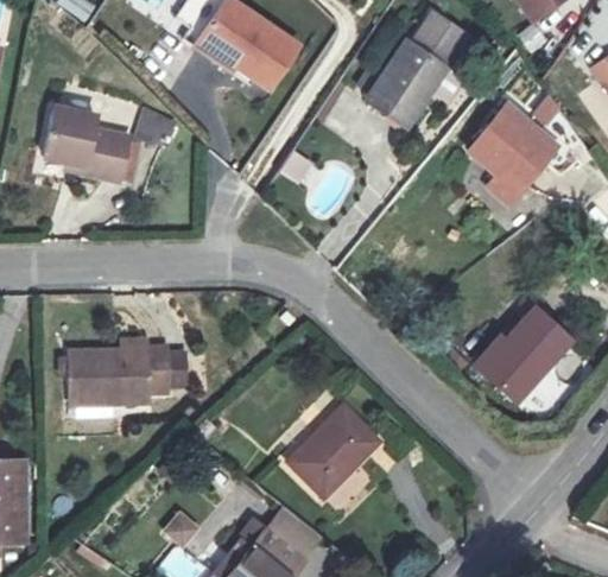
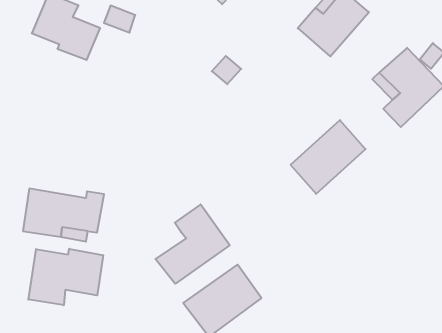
building: [486,307,575,402] -> [291,120,366,194]
building: none -> [155,204,230,284]
building: none -> [28,249,103,305]

